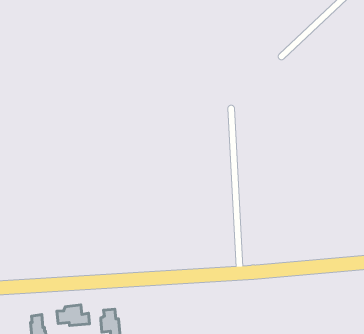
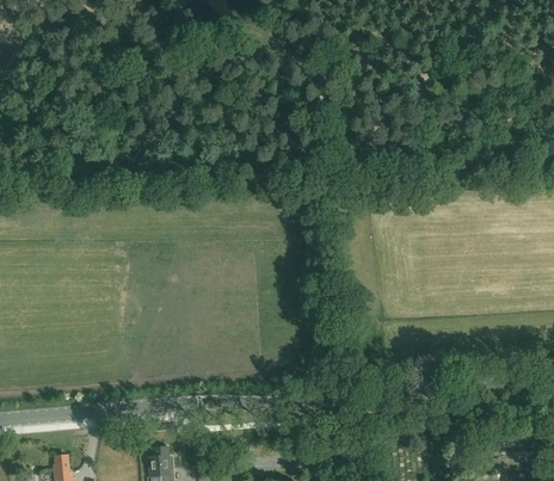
building: [57,305,90,325] -> none

